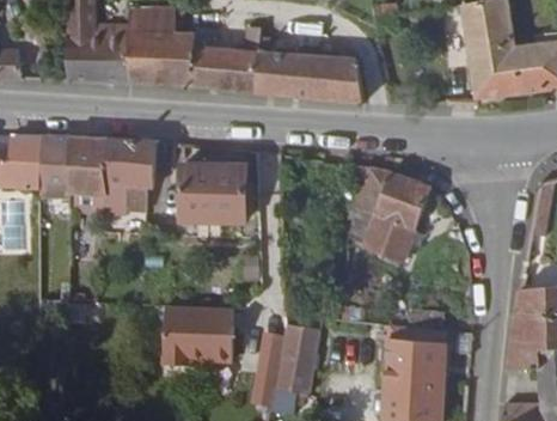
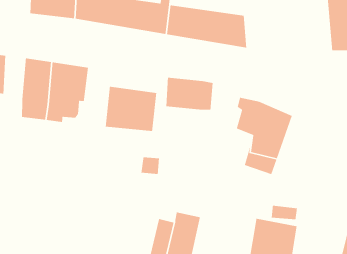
building: [42,136,67,194] -> none
building: none -> [166,77,213,111]
building: [161,303,231,361] -> none

